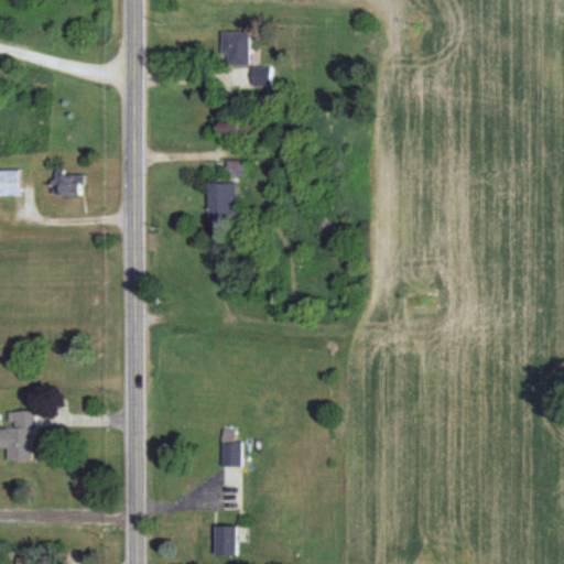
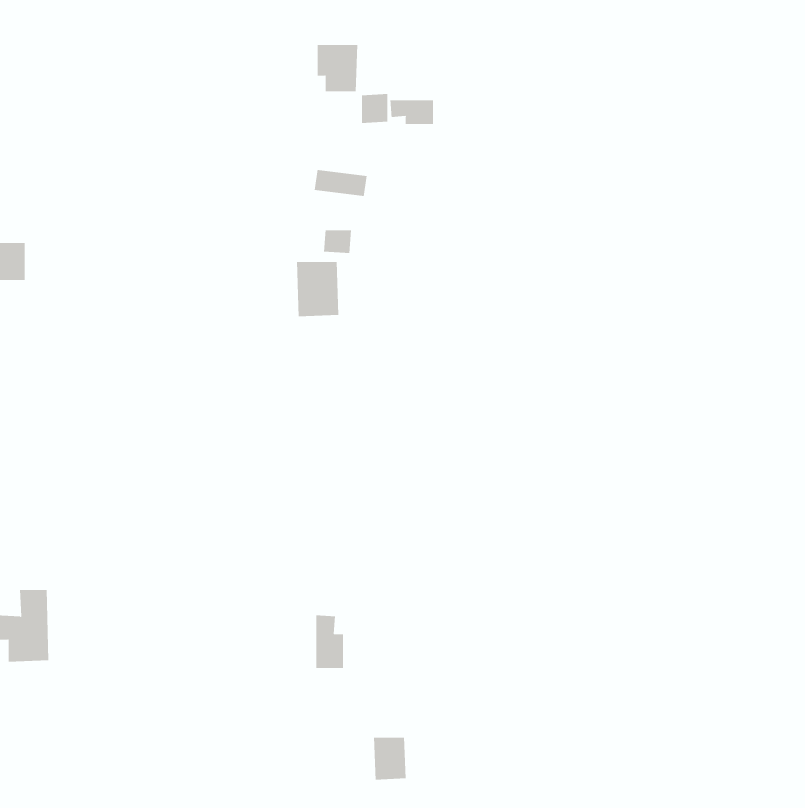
building: none -> [390,100,433,125]
building: [51,170,82,196] -> none
building: [214,527,237,556] -> [373,737,407,780]

